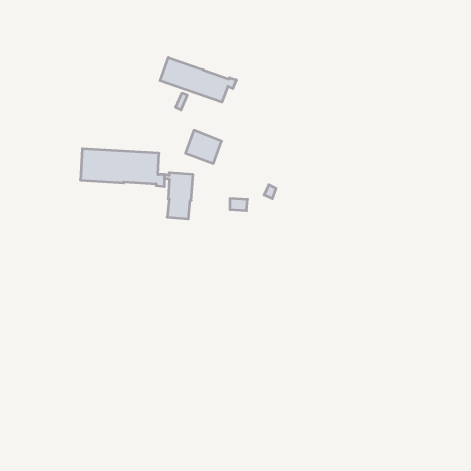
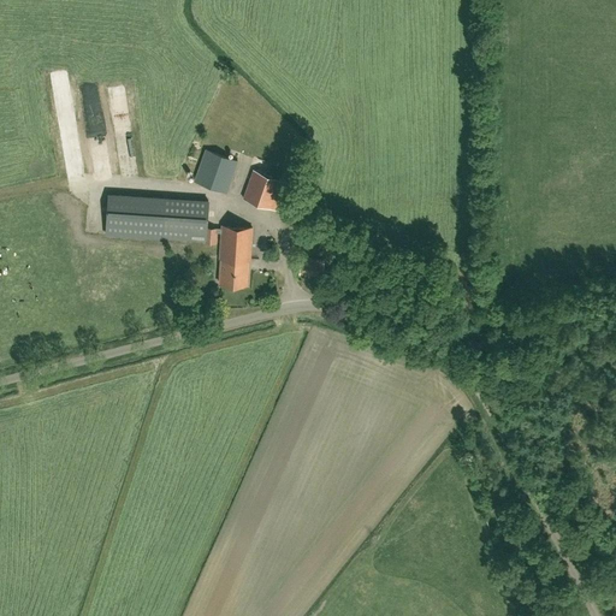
building: [160,57,236,102] -> none
building: none -> [194,150,237,192]

